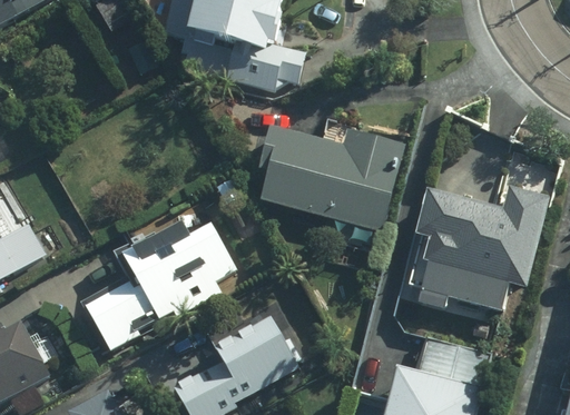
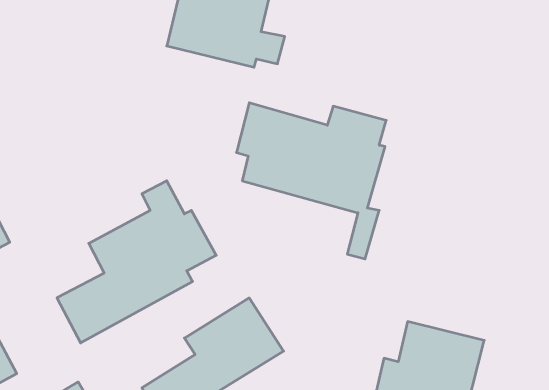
building: [413,188,546,316] -> none

